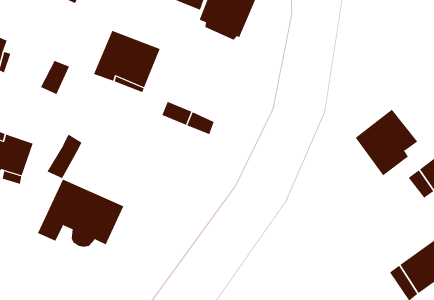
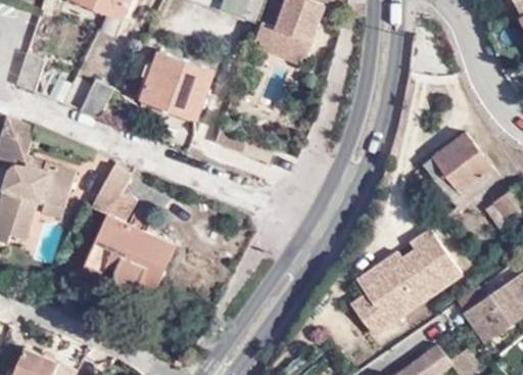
building: none -> [345,223,460,334]

